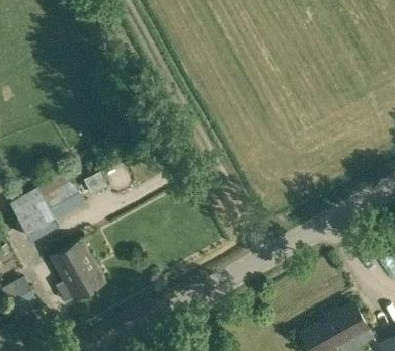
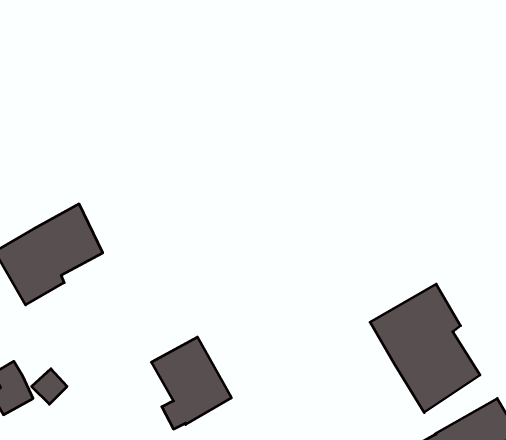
building: none -> [370,284,480,413]
building: [51,242,105,304] -> [151,337,231,429]

